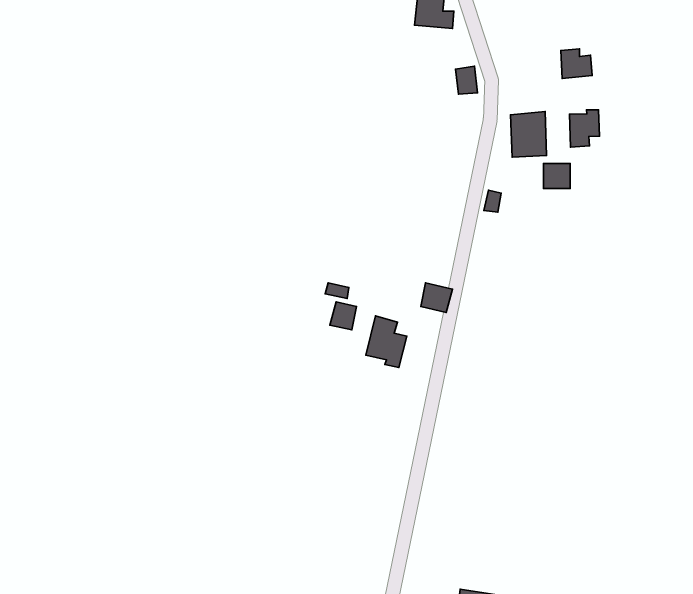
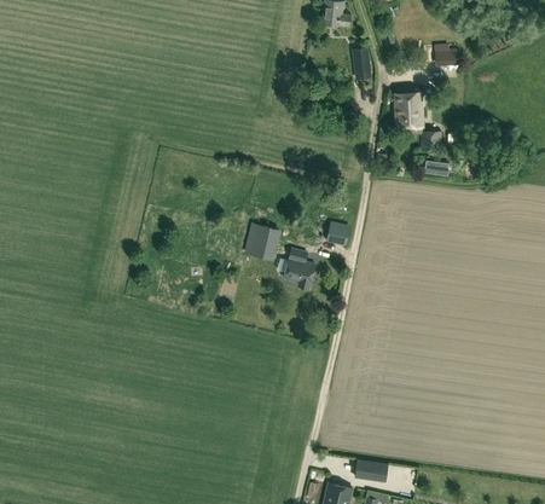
building: [570,110,599,147] -> none

